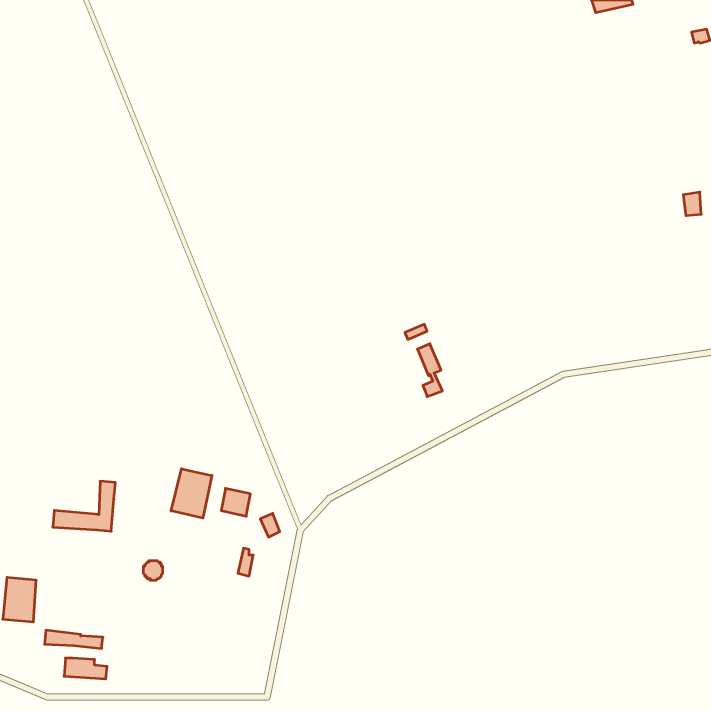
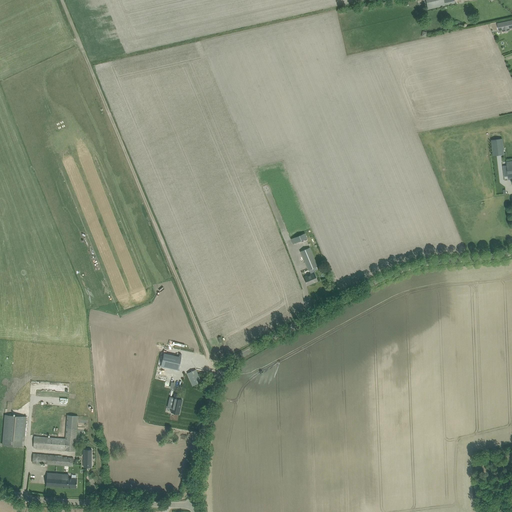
building: [171,469,212,518] -> none
building: [53,481,115,531] -> [33,415,78,451]

